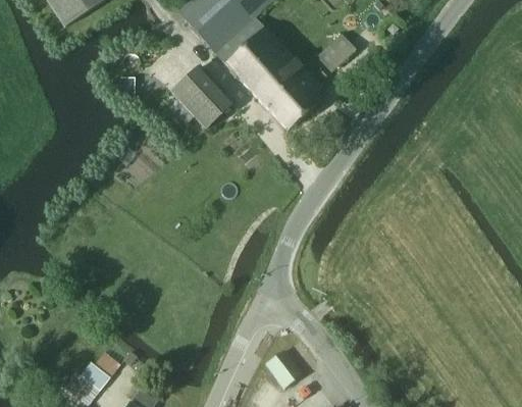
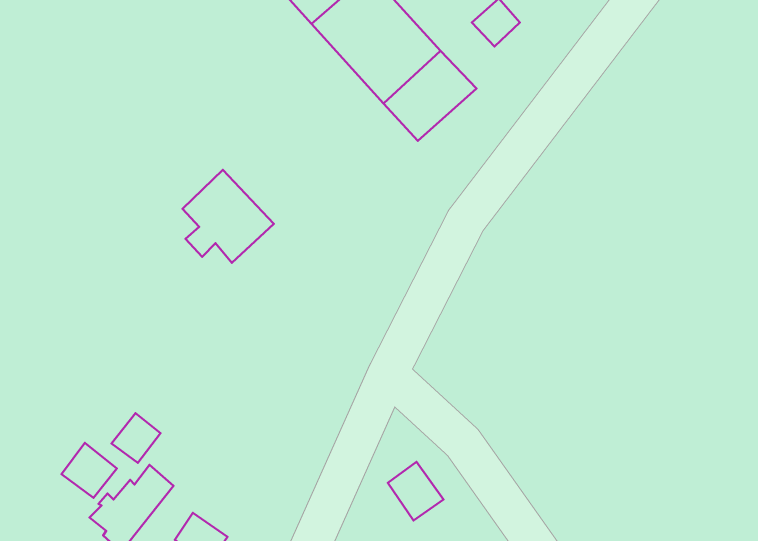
building: [171,65,233,129] -> [183,170,274,263]
building: none -> [111,413,160,463]
building: none -> [61,443,117,498]

